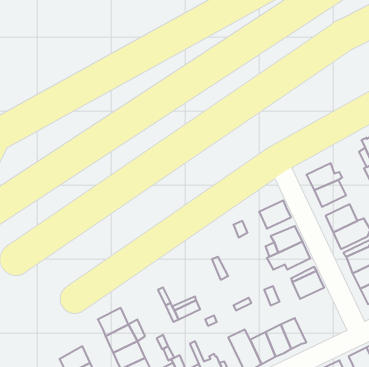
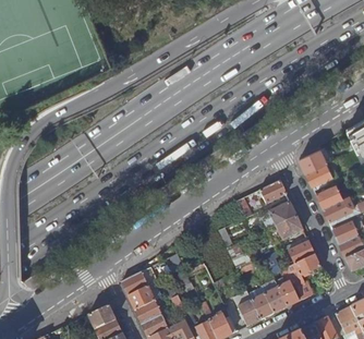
building: none -> [287,255,319,300]

